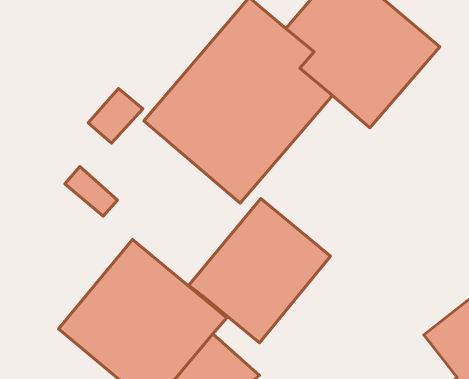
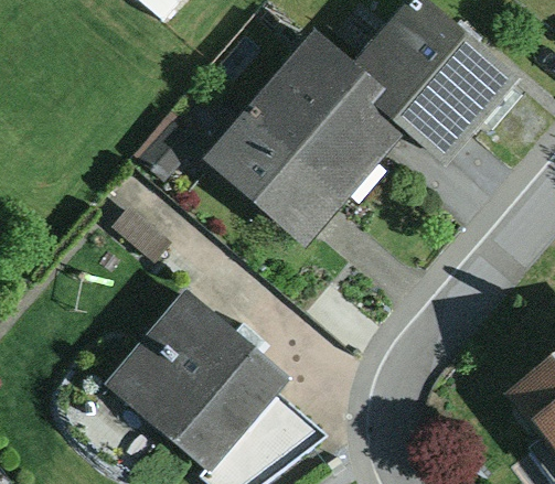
building: [189,198,331,343] -> none

